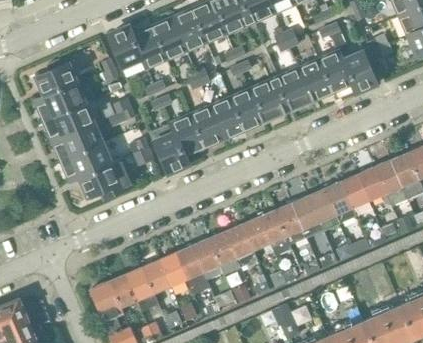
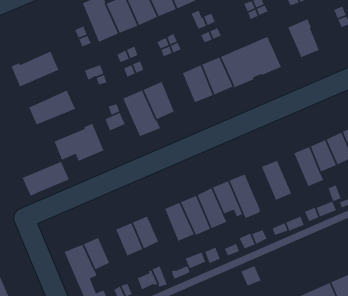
building: [342,52,376,93] -> none
building: [36,59,76,98] -> none
building: [298,60,332,100] -> none
building: [44,104,93,142] -> none
building: [190,107,223,147] -> none
building: [61,144,110,181] -> [21,161,69,197]
building: [308,189,339,231] -> none
building: [275,203,306,245] -> none
building: [175,246,209,294] -> none
building: [125,267,158,311] -> none

